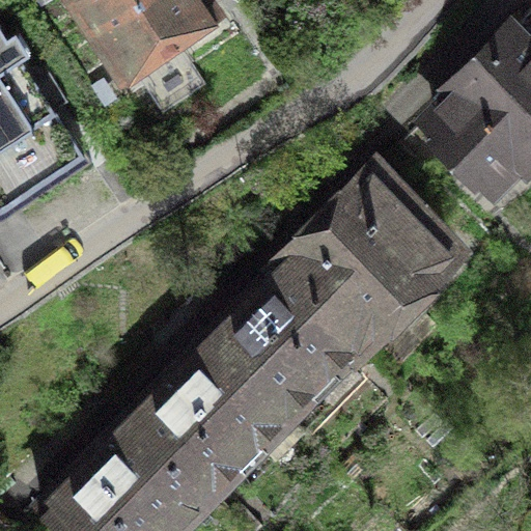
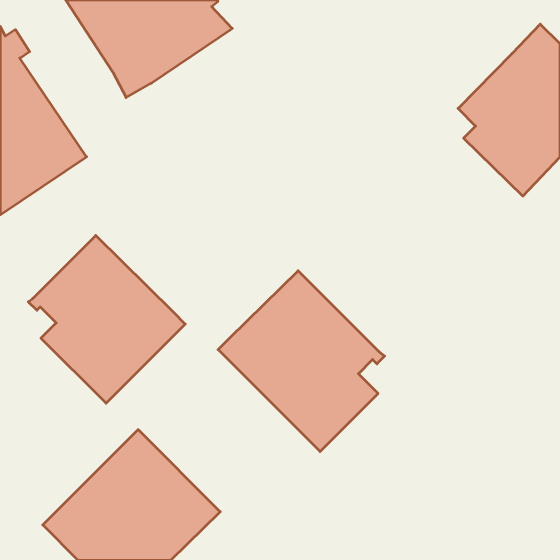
building: [282,168,458,333] -> none
building: none -> [28,235,185,403]
building: [131,331,303,484] -> none

